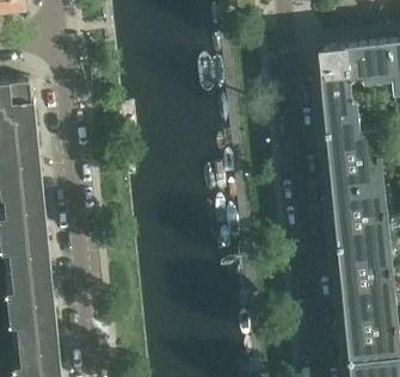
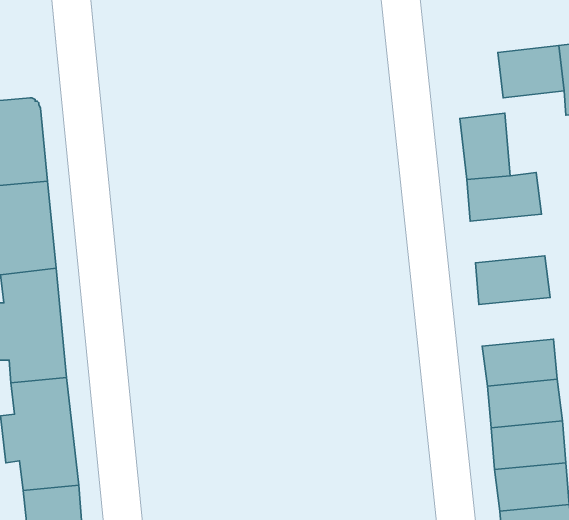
building: [316,49,351,94] -> none
building: [327,160,379,193] -> none
building: [333,217,384,251] -> none

